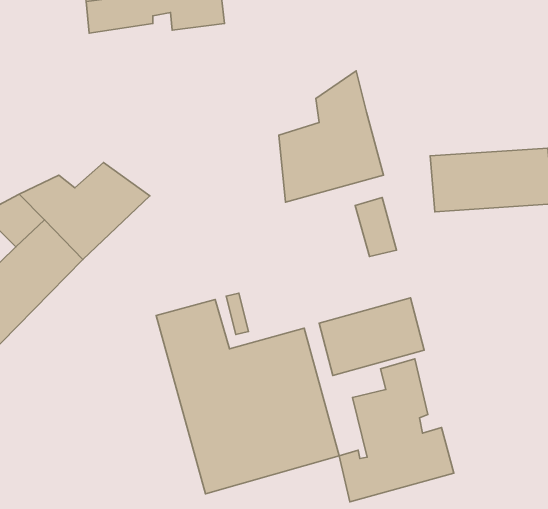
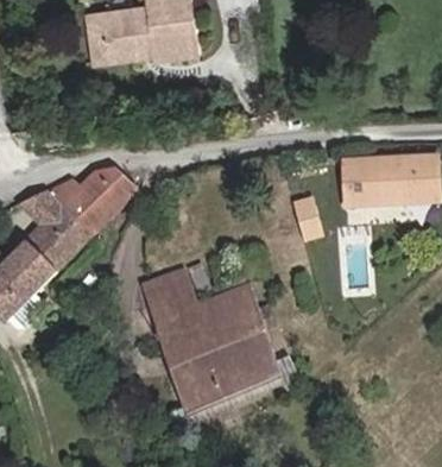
building: [279,71,383,202] -> none
building: [319,298,424,376] -> none
building: [339,359,454,502] -> none

